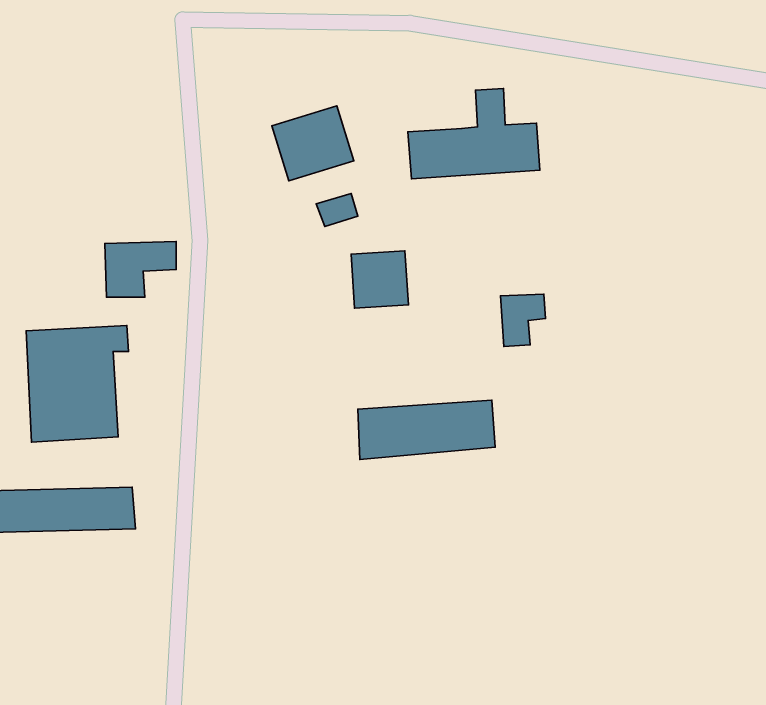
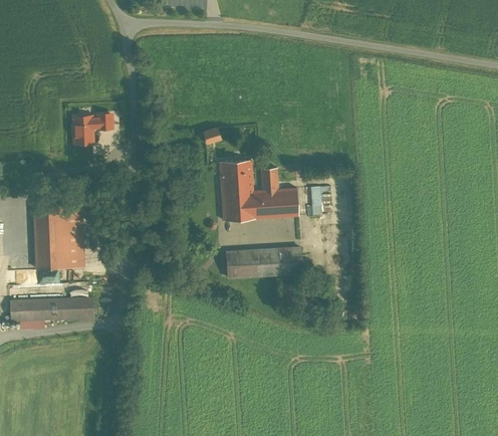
building: [408,88,540,179] -> [222,168,298,220]
building: [272,106,354,181] -> none
building: [105,242,176,297] -> [72,112,113,144]

